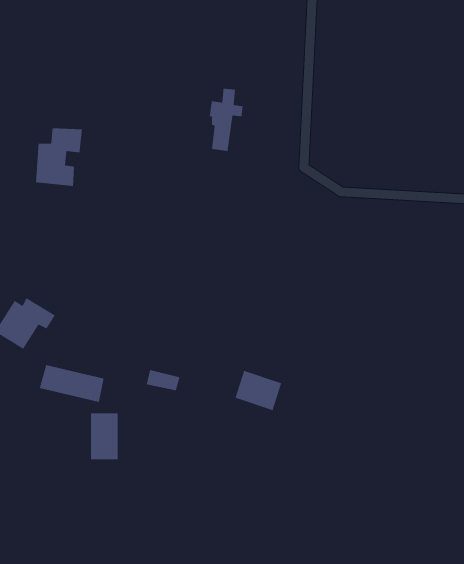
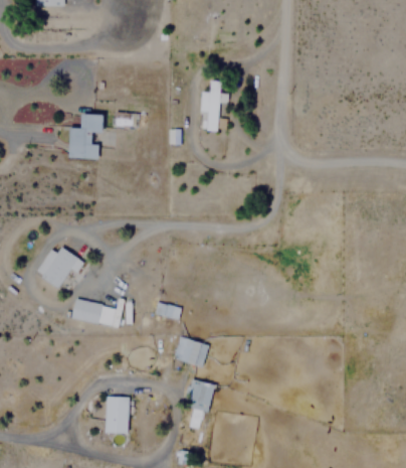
building: [235,370,282,411] -> [172,335,209,367]
building: [90,413,119,460] -> [107,397,129,434]
building: none -> [185,379,214,412]

